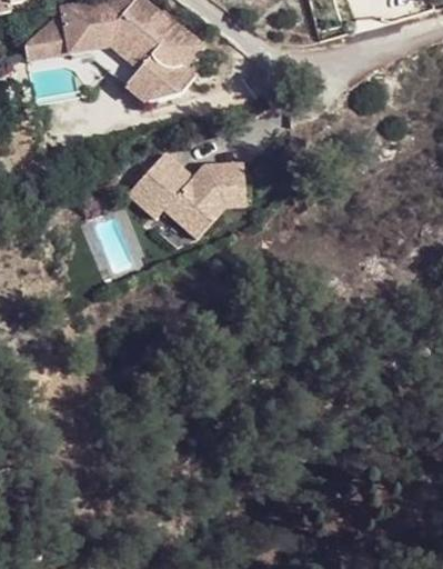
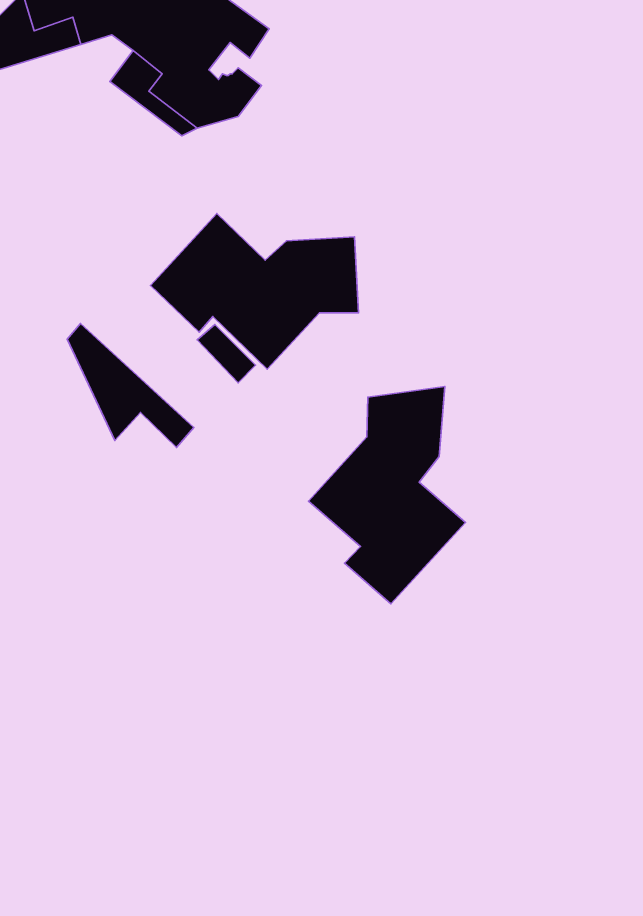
building: none -> [67,323,194,448]
building: none -> [308,387,465,604]

